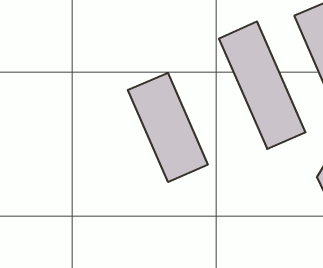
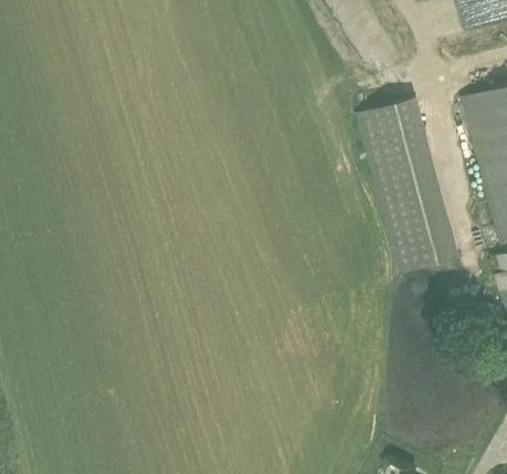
building: [128,73,208,182] -> none

